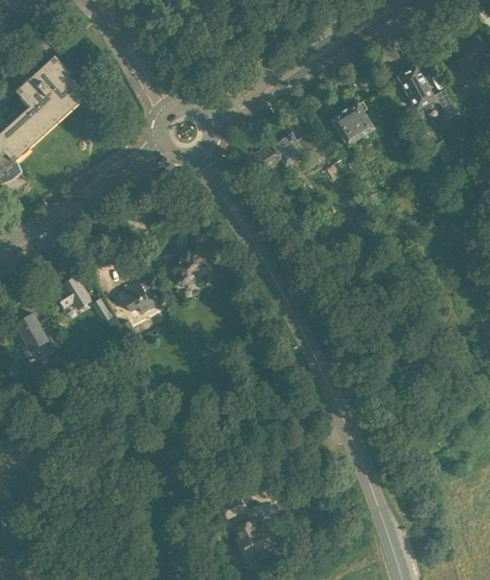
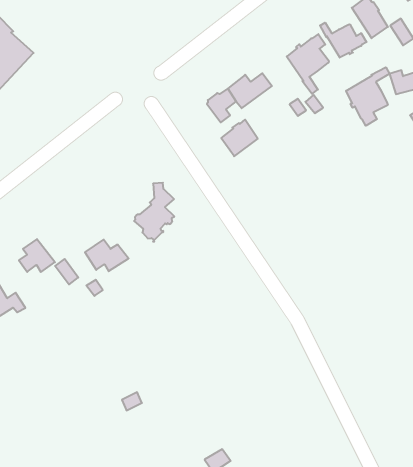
building: none -> [320,23,367,58]
building: none -> [346,67,389,126]
building: none -> [221,120,258,156]

